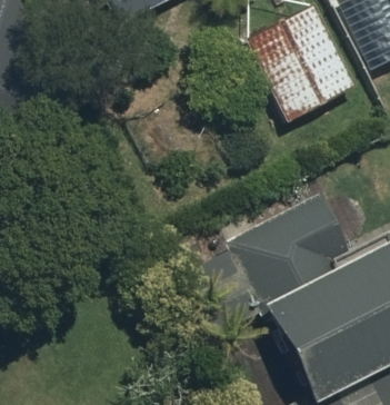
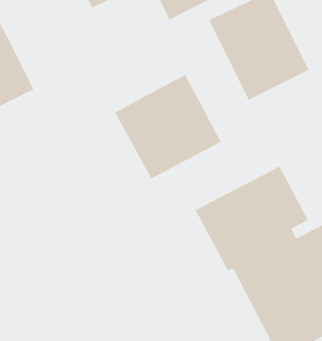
building: none -> [114,74,222,180]

